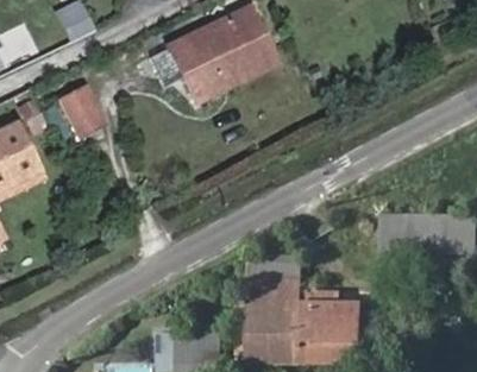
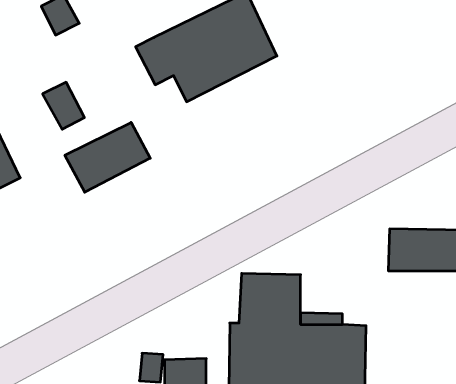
building: none -> [65,122,150,192]

